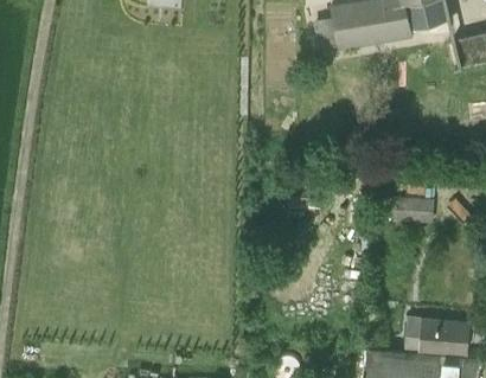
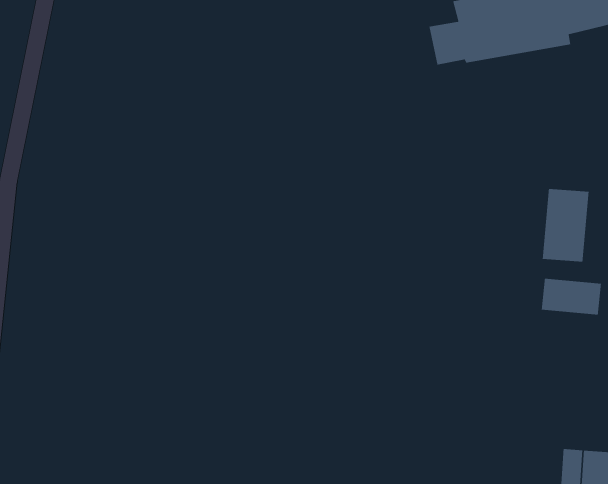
building: none -> [542,188,589,262]

